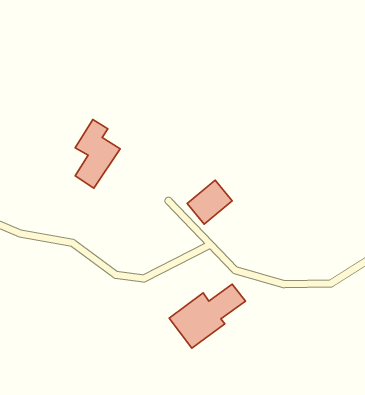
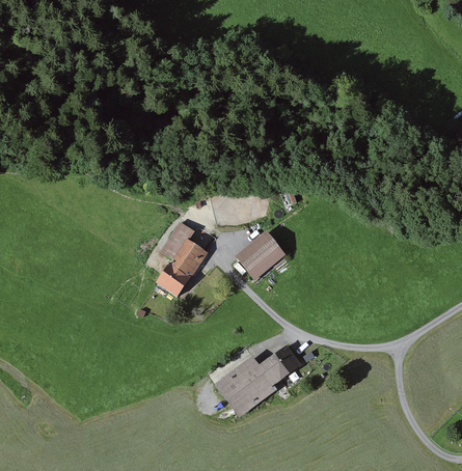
building: [75,120,120,188] -> [157,220,207,296]

